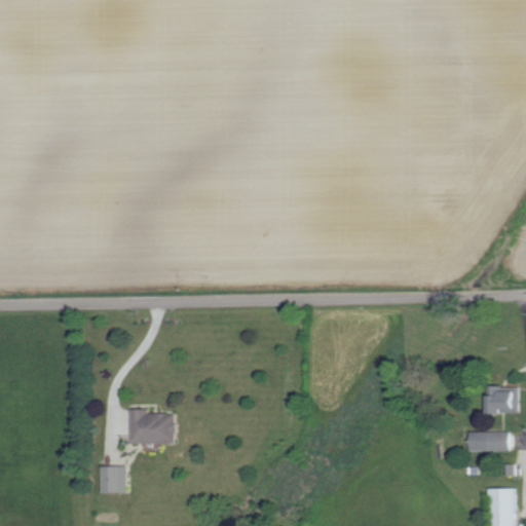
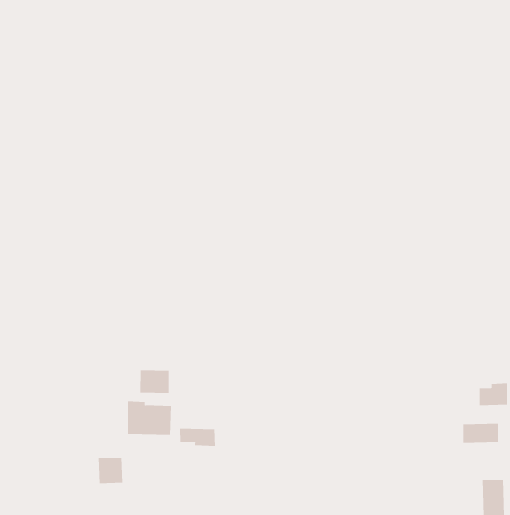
building: none -> [140,369,169,394]
building: none -> [179,428,215,447]

